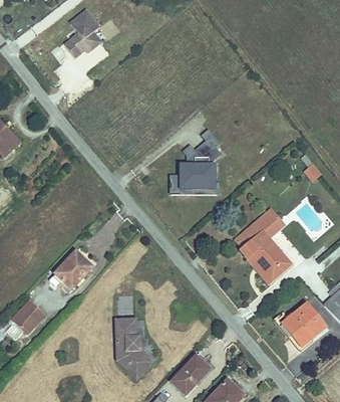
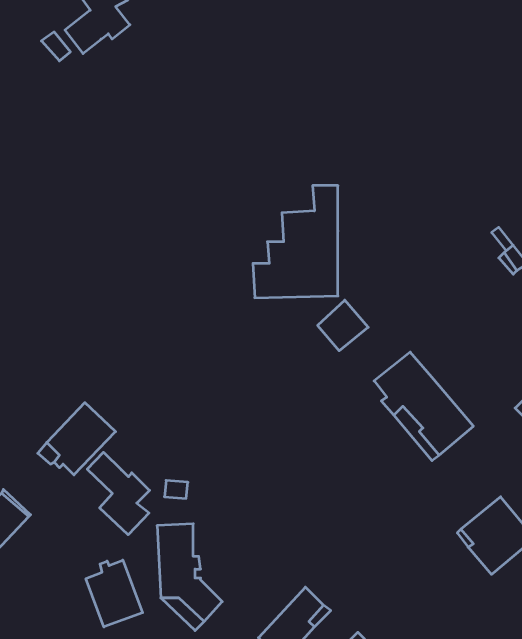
building: [256,209,284,237] -> [318,300,368,351]
building: none -> [87,452,150,535]
building: none -> [86,560,143,627]

